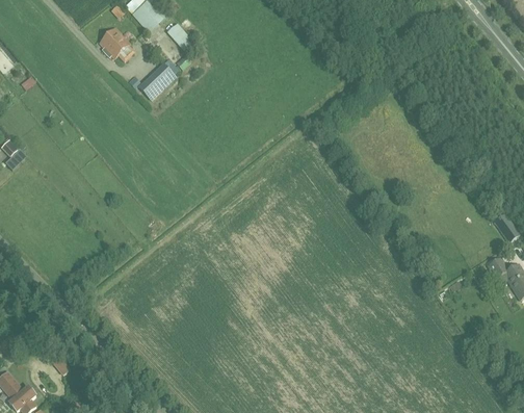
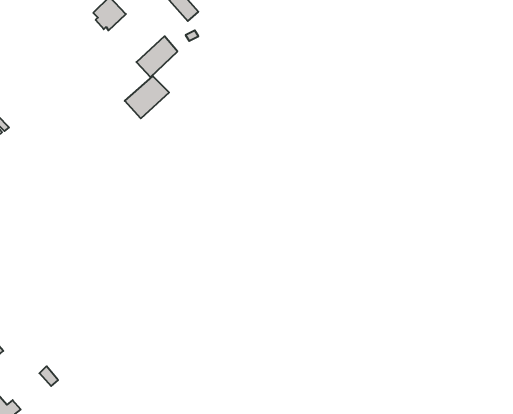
building: none -> [125,76,169,118]

